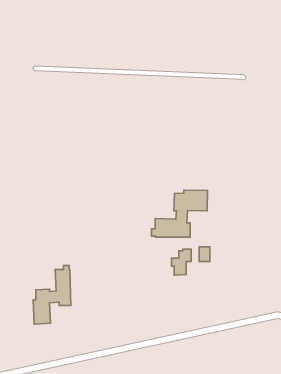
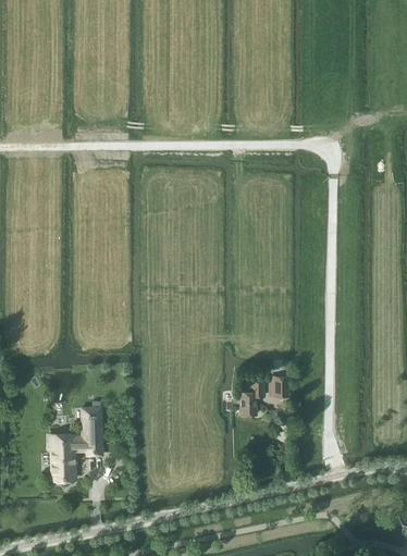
building: [151,190,208,237] -> none

